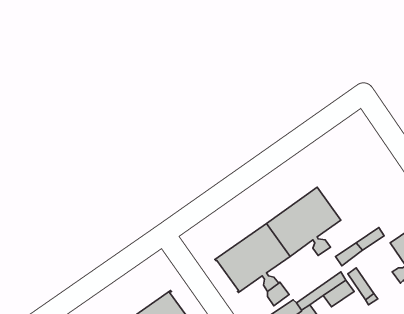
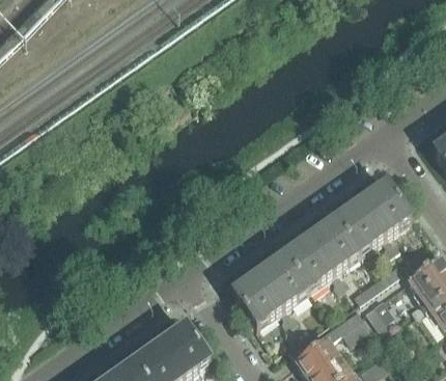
building: none -> [333,182,409,252]

